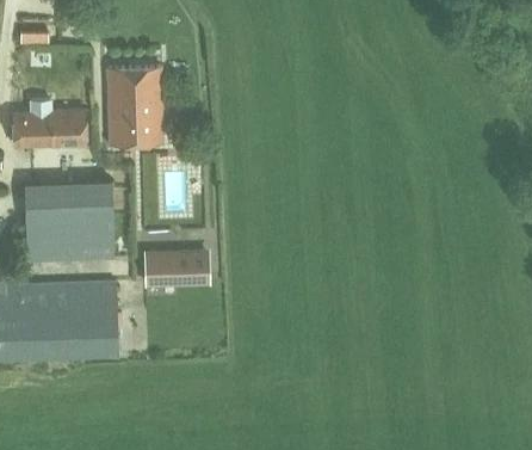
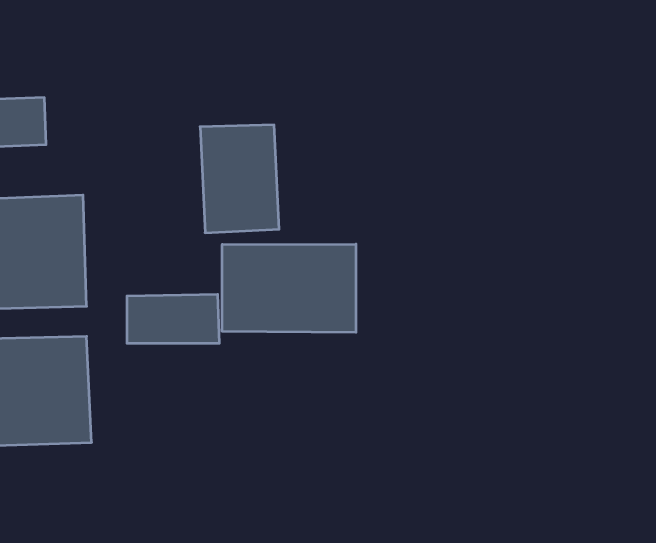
building: [106,69,162,146] -> [200,125,279,233]
building: none -> [222,244,356,332]

